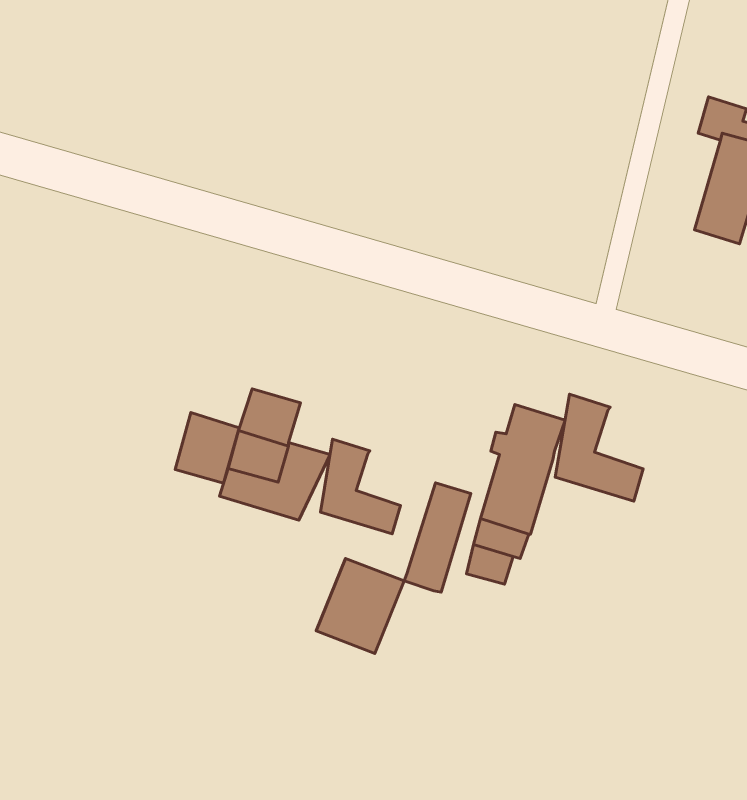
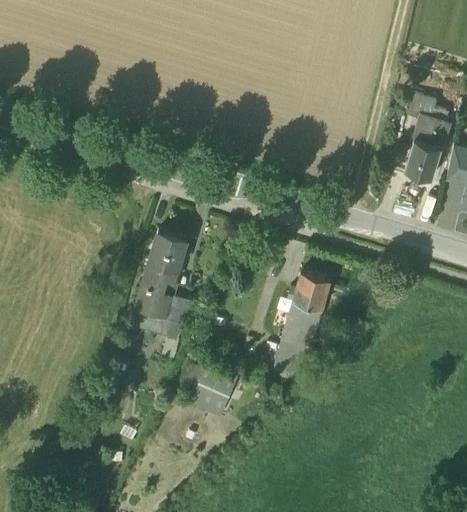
building: [555,394,643,501] -> none
building: [175,412,239,483] -> [150,229,187,270]
building: [320,439,401,534] -> none
building: [404,483,471,592] -> none

